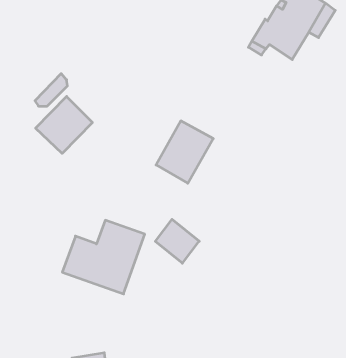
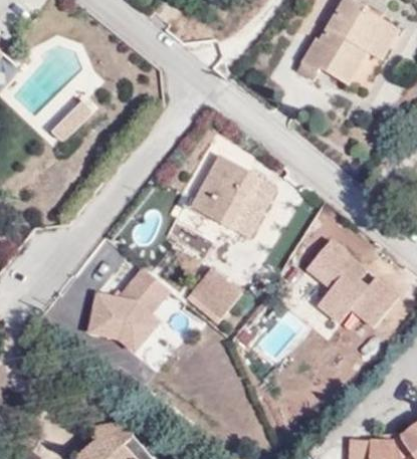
building: [36,96,92,153] -> none
building: none -> [228,176,278,239]
building: none -> [305,235,404,326]

